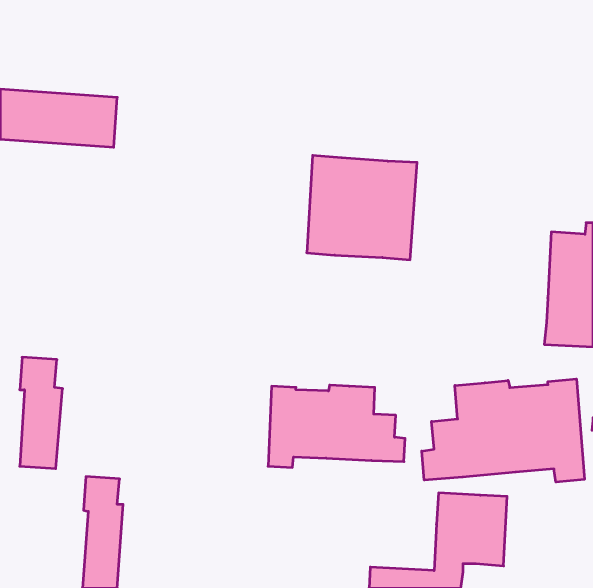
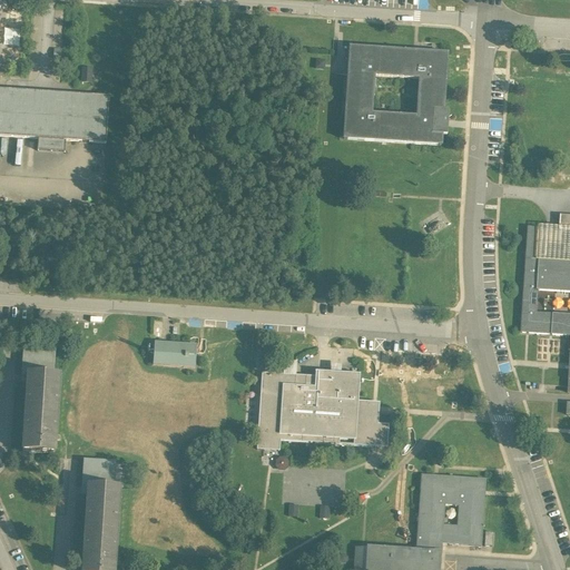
building: [307,155,417,260] -> [345,43,451,144]
building: none -> [155,340,197,365]
building: [422,379,584,482] -> none

